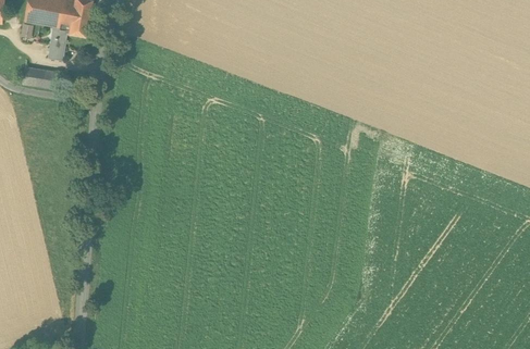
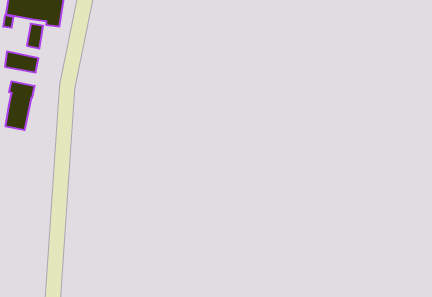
building: none -> [6,81,35,130]

